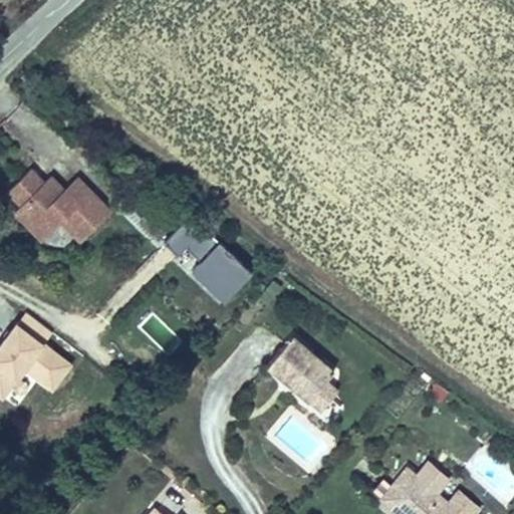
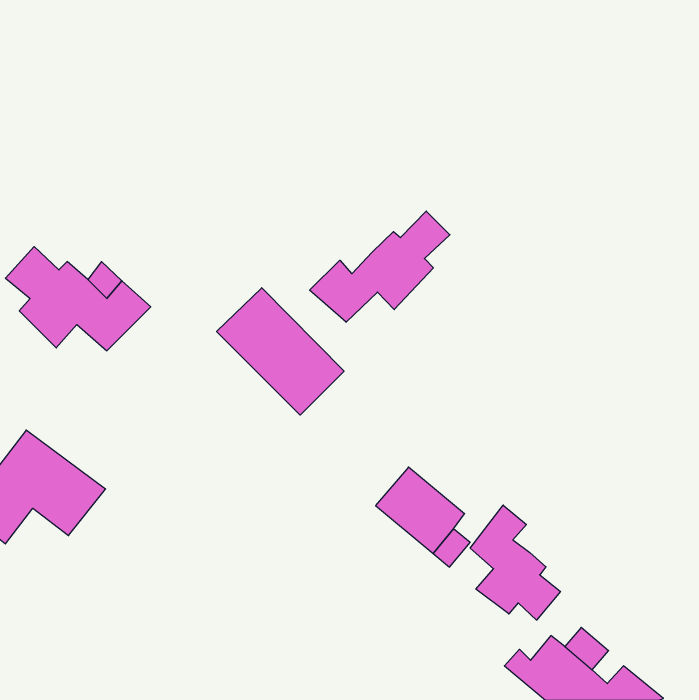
building: none -> [310,211,450,322]
building: none -> [470,505,560,620]

